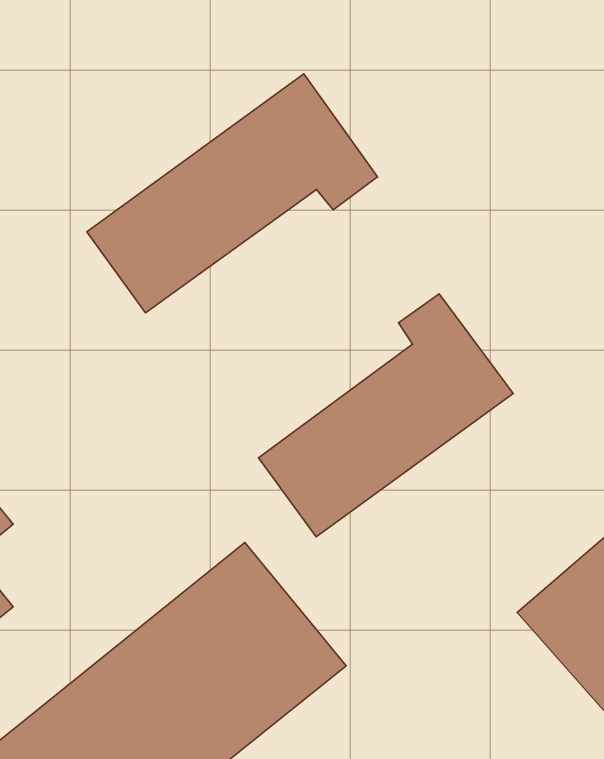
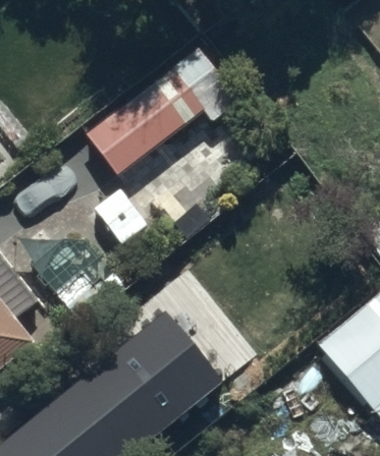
building: [258,294,513,537] -> none

